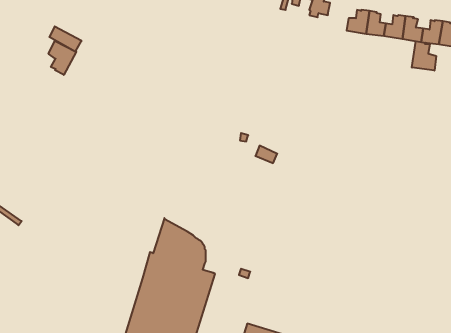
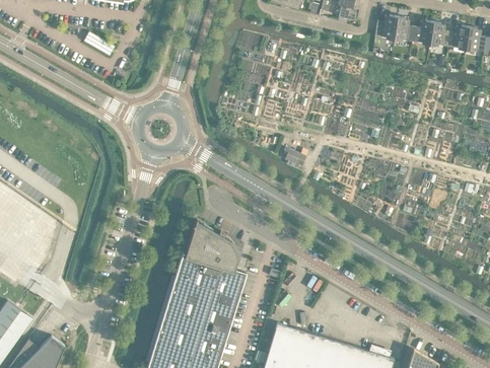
building: [49,41,76,75] -> none
building: [412,41,436,71] -> none

